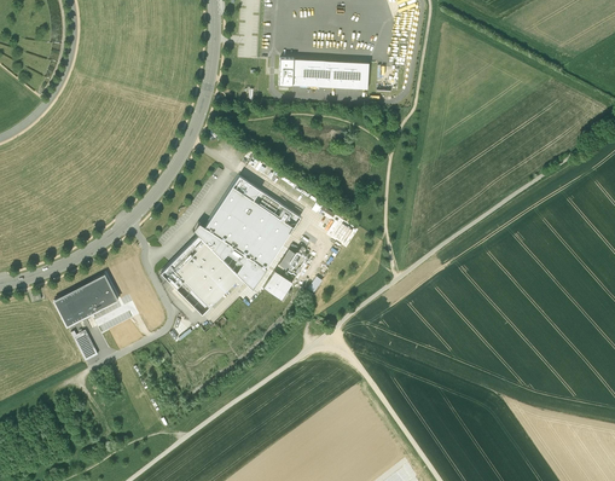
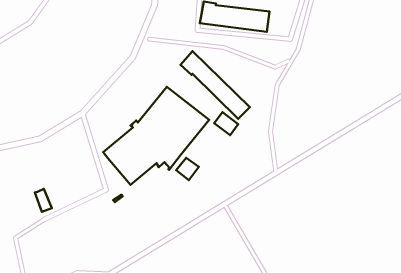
building: none -> [181,51,250,119]
building: [54,277,116,328] -> none

